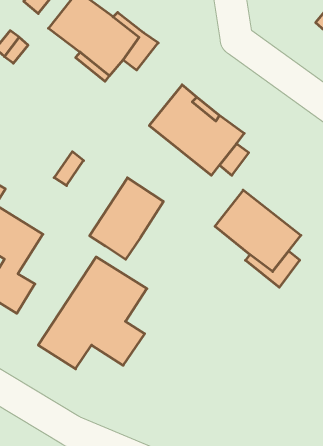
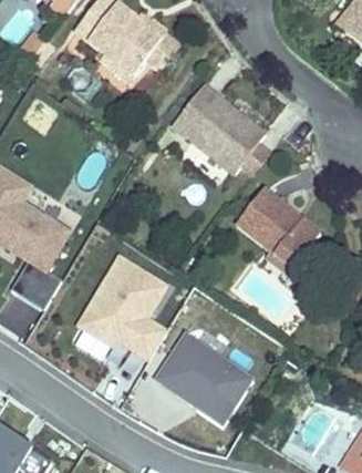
building: [90,178,163,259] -> none
building: none -> [156,331,250,417]

